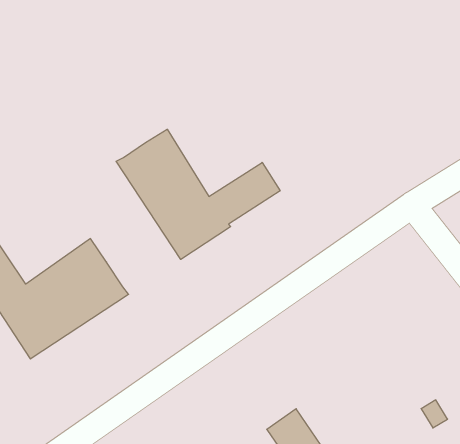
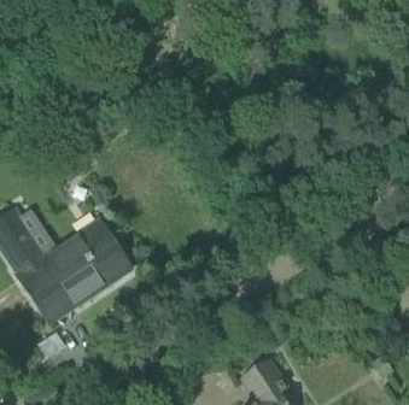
building: [116,129,280,259] -> none

